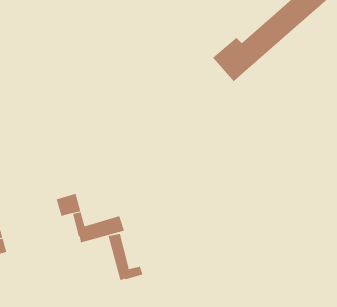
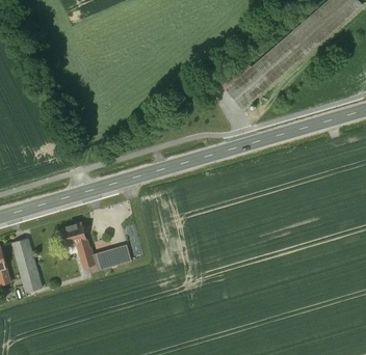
building: none -> [11,237,42,292]
building: [108,233,143,281] -> none

